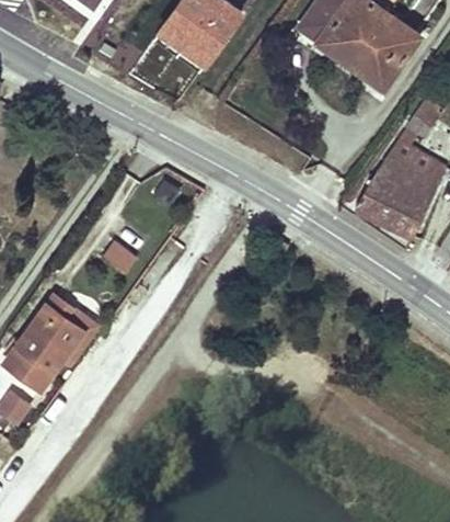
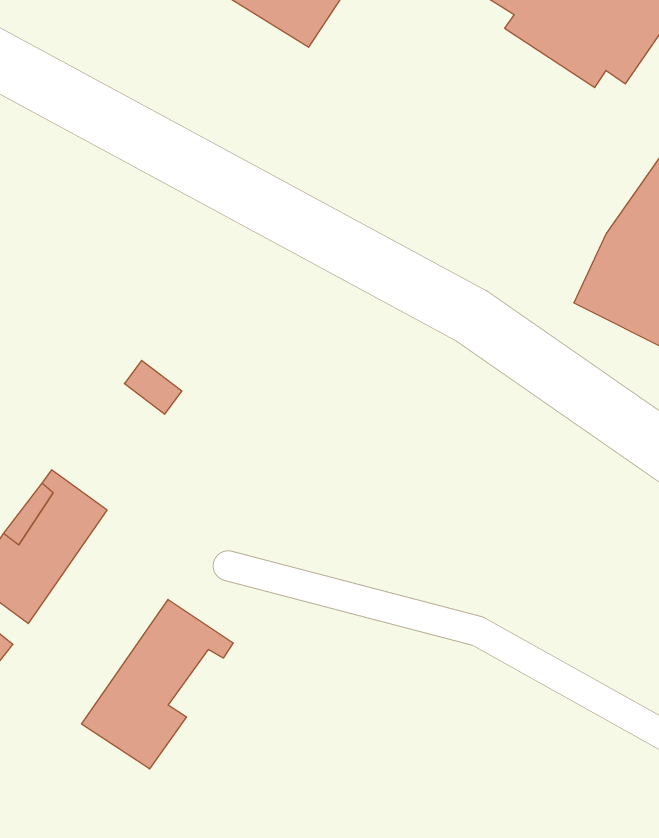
building: none -> [82,599,233,769]

